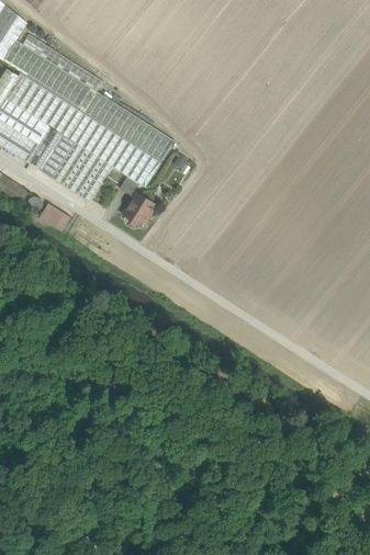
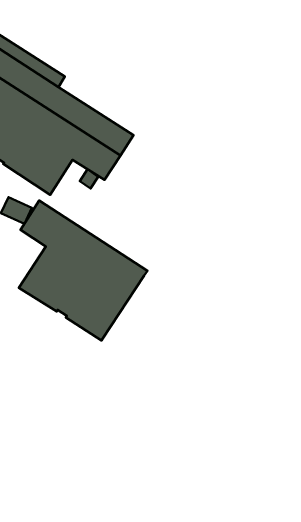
building: [122,191,154,224] -> none
building: none -> [19,201,148,341]

